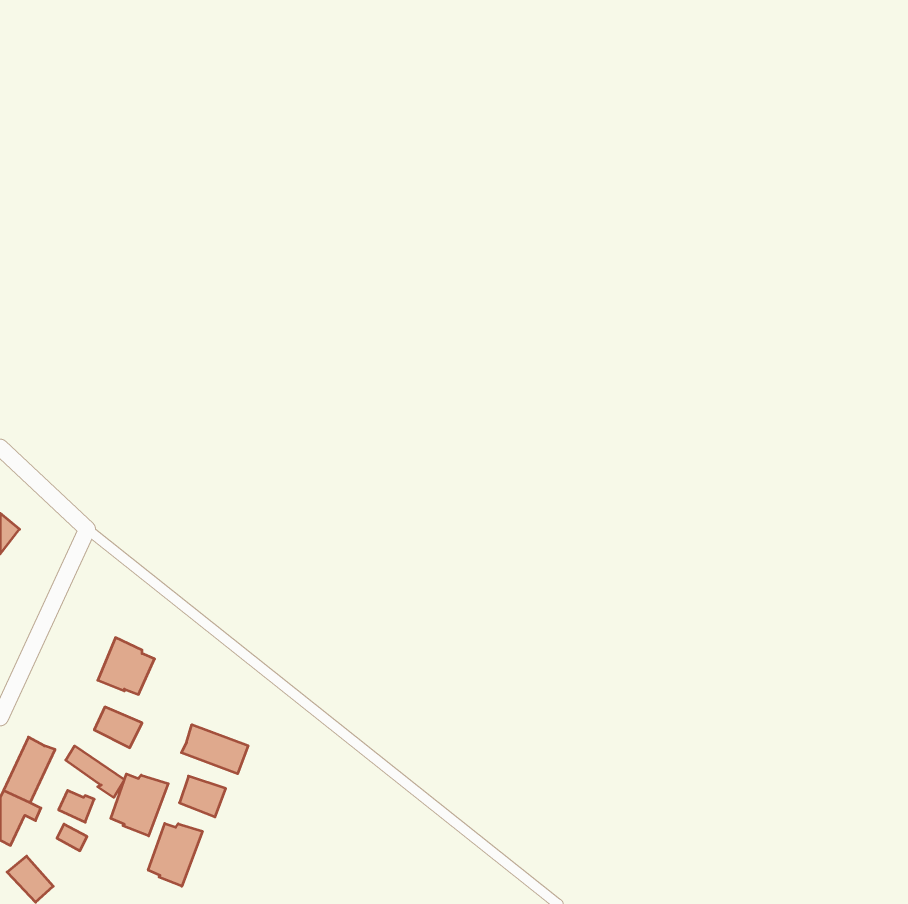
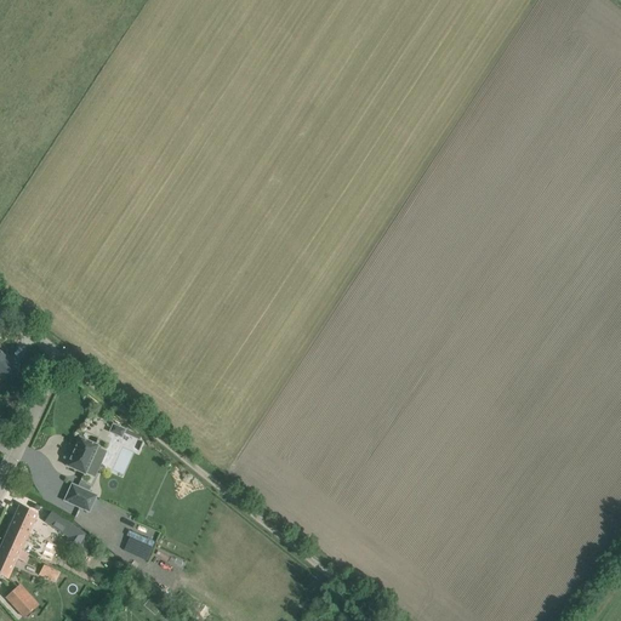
building: [181,725,248,774] -> none
building: [111,774,168,836] -> none
building: [148,823,202,886] -> none

